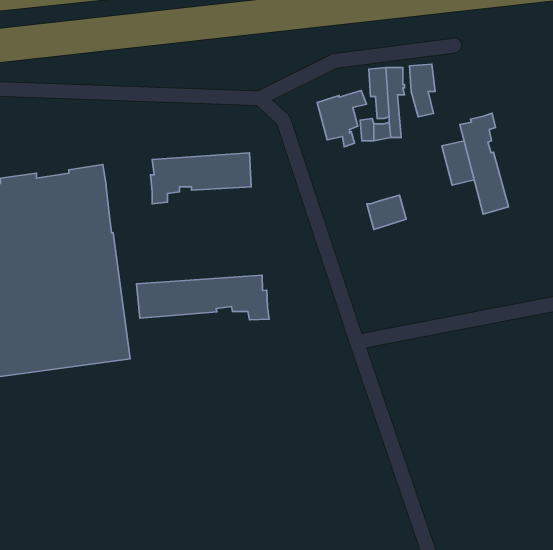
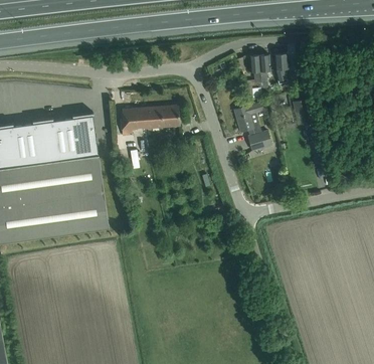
building: [317,90,366,147] -> [234,105,263,138]
building: [460,113,509,214] -> none
building: [136,275,269,320] -> none

